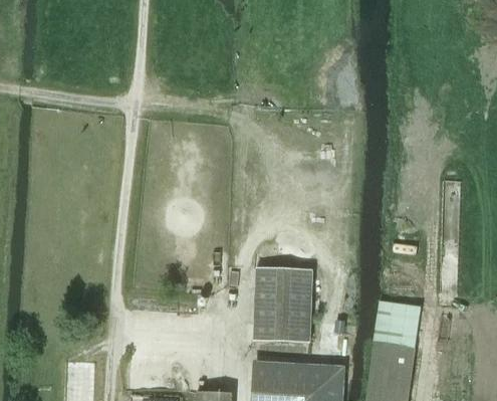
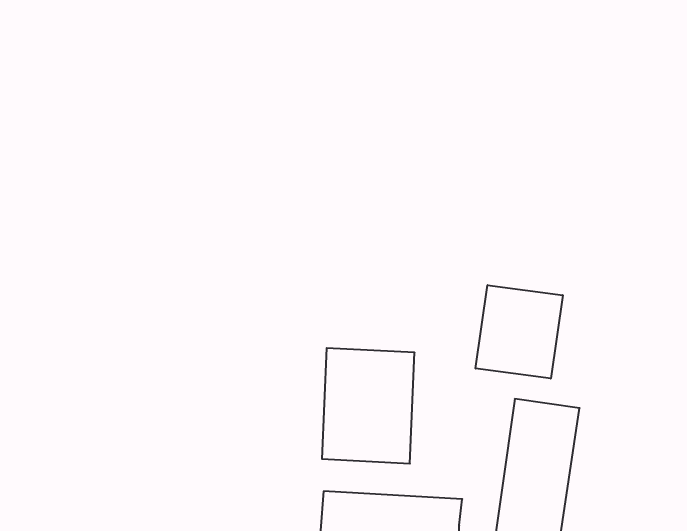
building: none -> [476,285,563,379]

